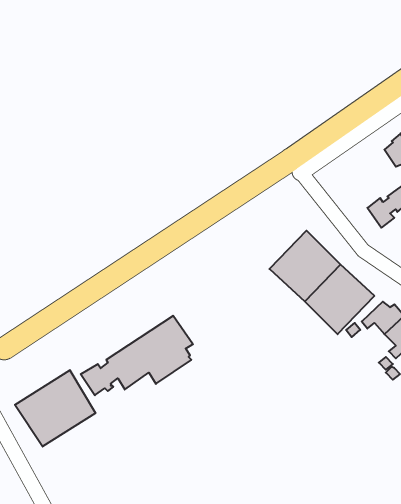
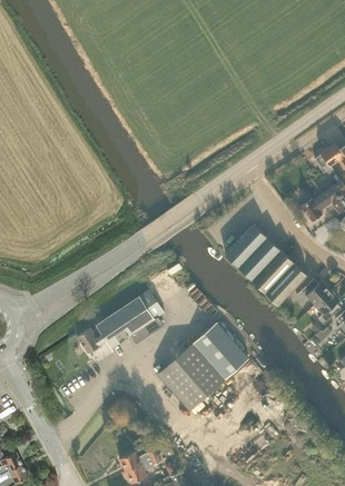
building: none -> [157,323,247,410]
building: [15,370,95,447] -> none

